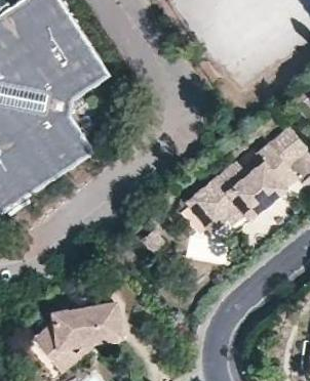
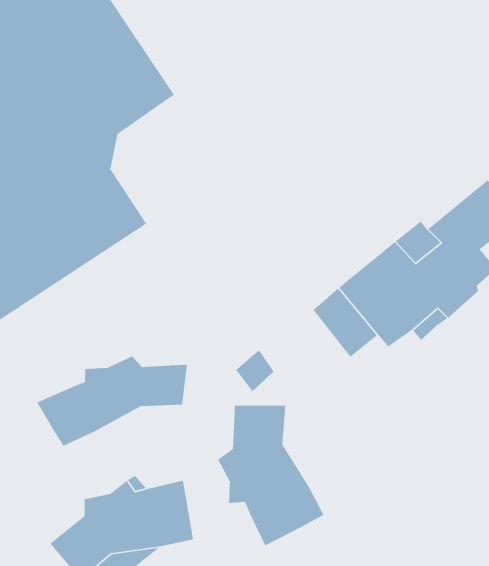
building: none -> [36,355,188,447]
building: none -> [217,405,325,546]

